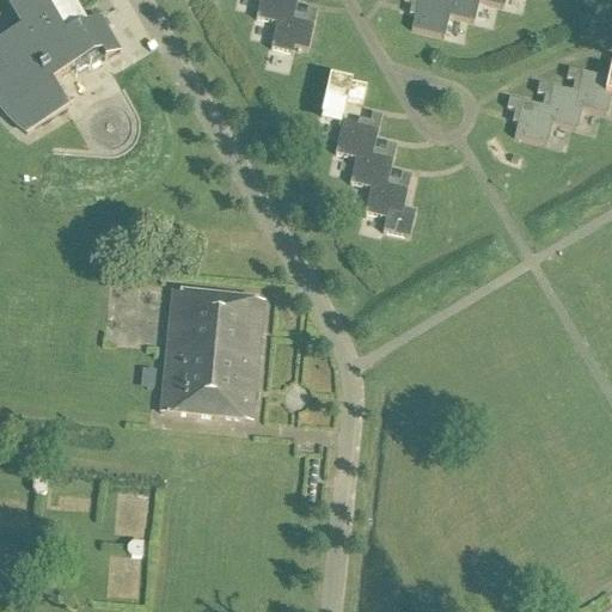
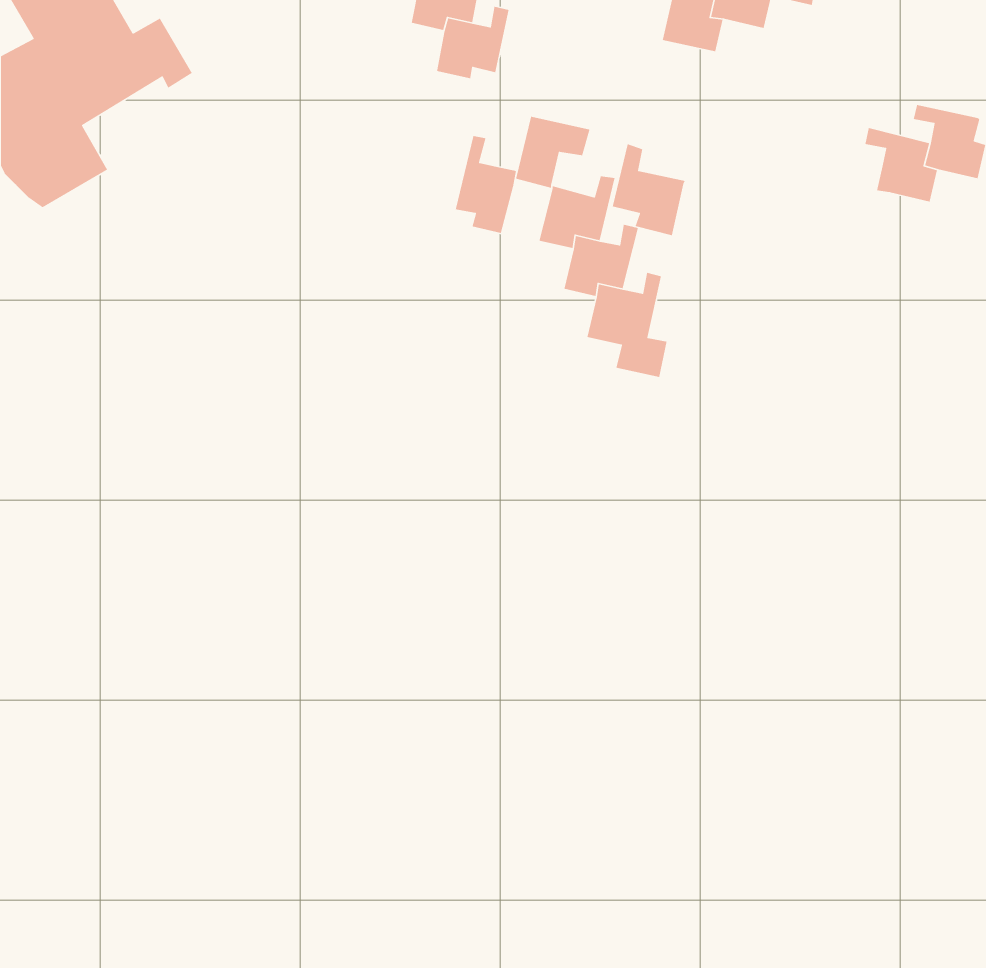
building: none -> [455,135,517,234]
building: none -> [612,143,686,236]
building: [506,94,551,140] -> none
building: [160,287,263,417] -> none

